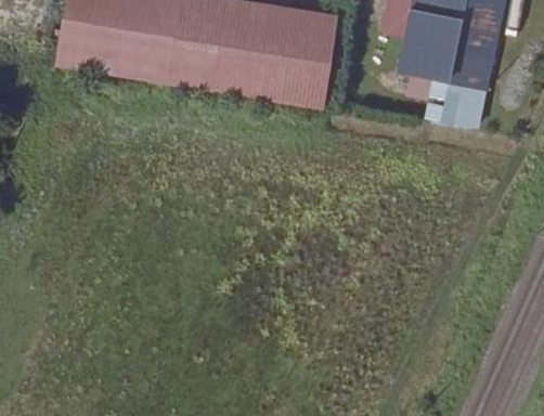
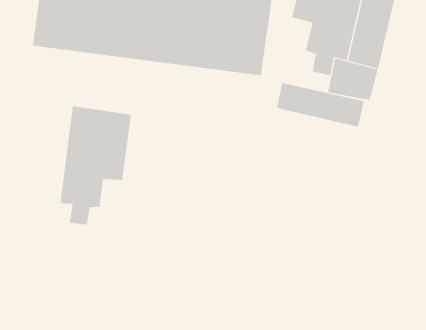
building: none -> [277,82,364,127]
building: none -> [60,106,132,226]

